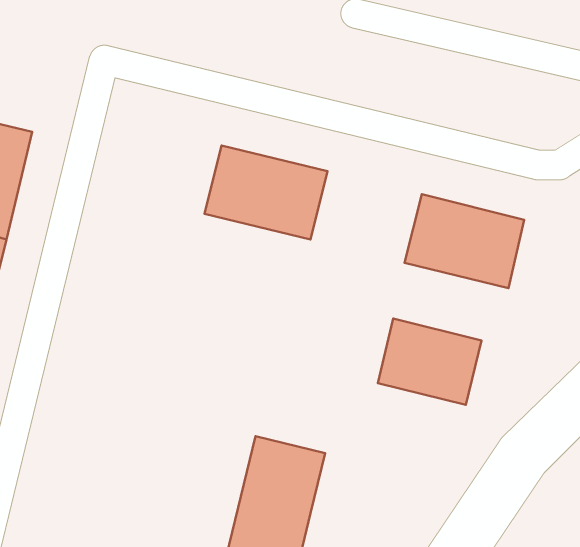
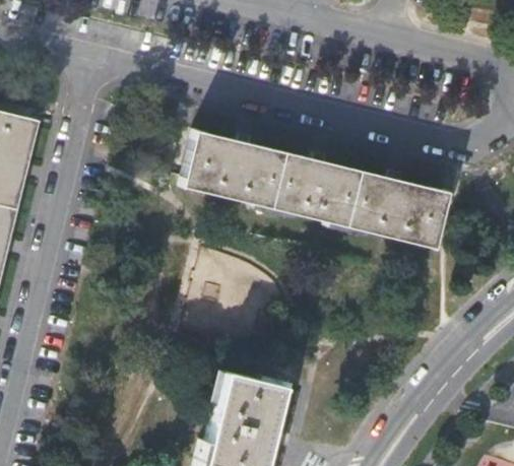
building: none -> [269,151,362,227]
building: [378,319,481,405] -> none

